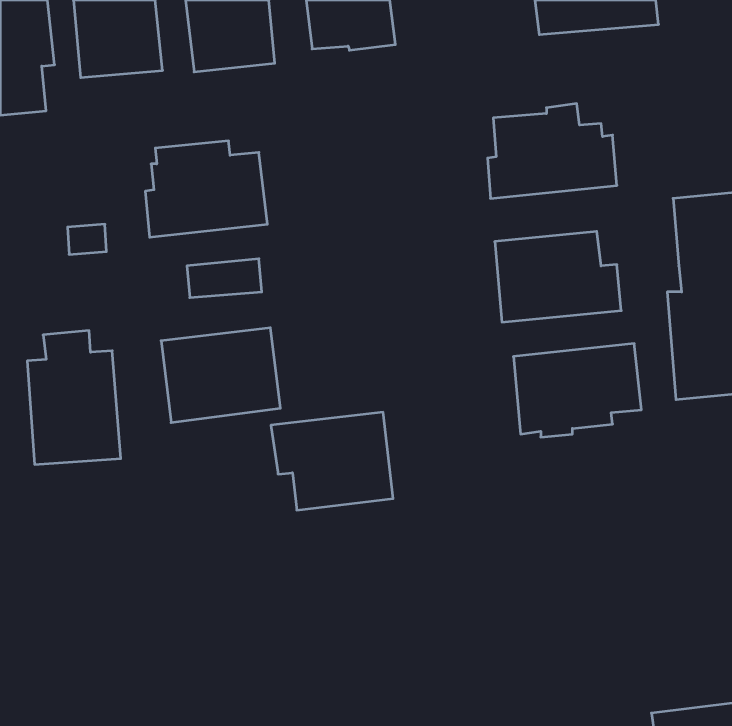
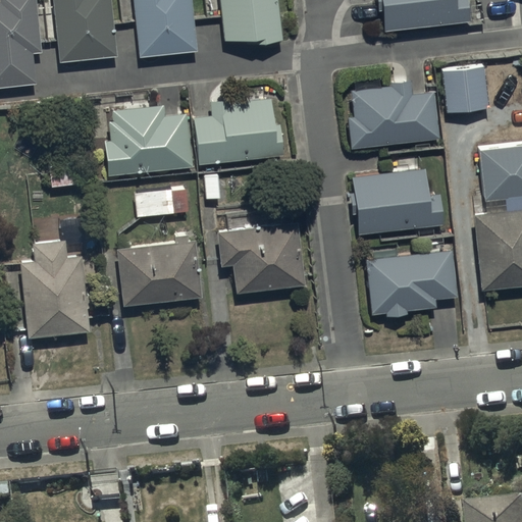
building: none -> [442,66,487,111]
building: none -> [195,100,283,164]
building: [271,412,393,510] -> [217,221,304,291]

